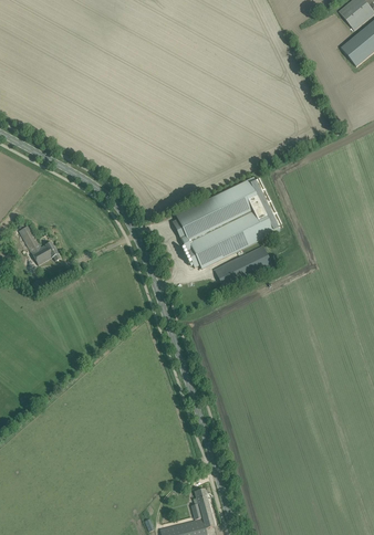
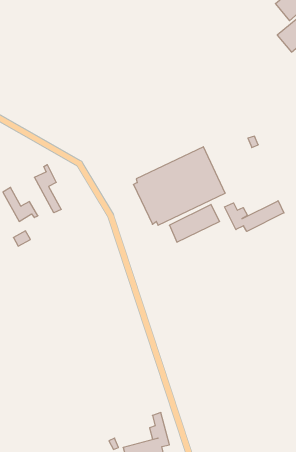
building: none -> [34,165,61,213]
building: none -> [225,201,284,231]

